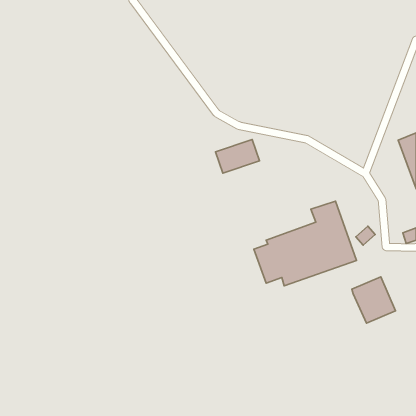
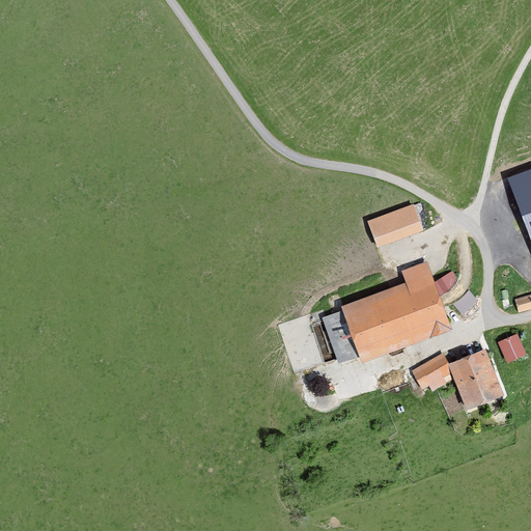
building: [216,140,260,173] -> [367,203,423,246]
building: none -> [498,334,525,363]
building: none -> [411,354,450,390]

